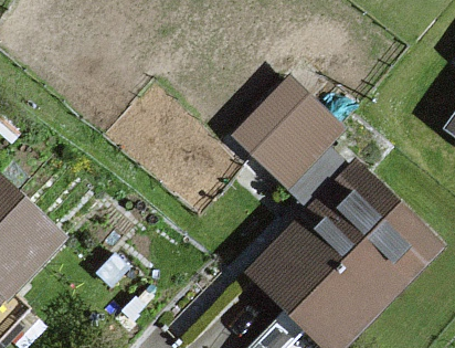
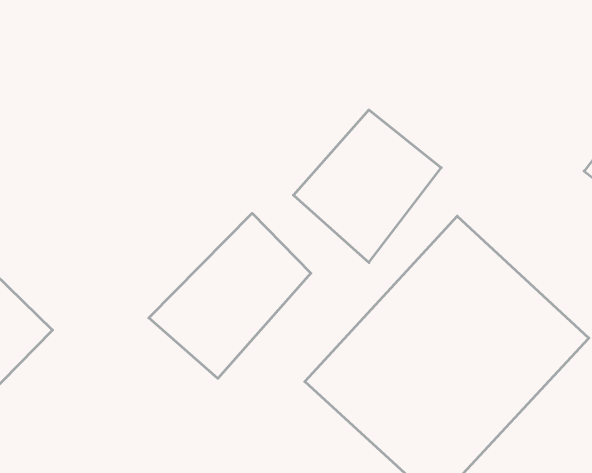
building: none -> [149,213,311,378]

